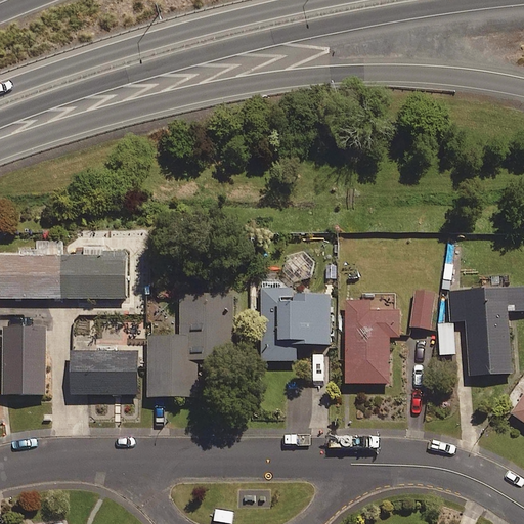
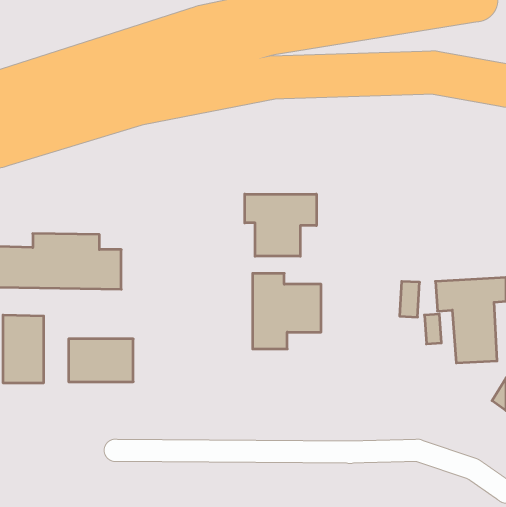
building: none -> [245,194,316,256]
building: [147,293,233,397] -> none
building: [346,300,399,383] -> none

